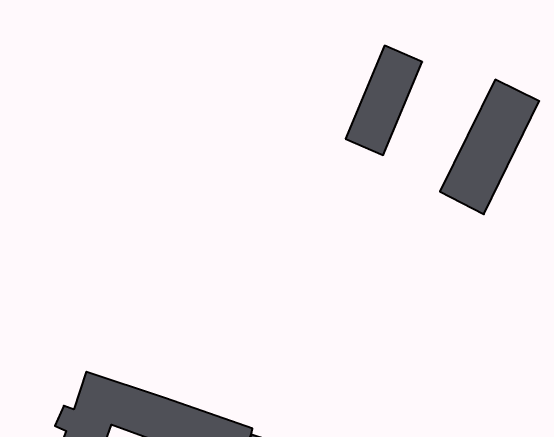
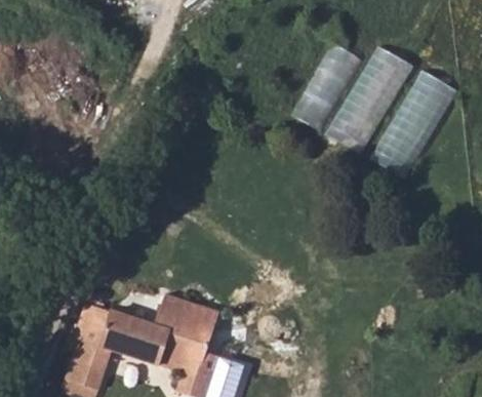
building: none -> [327,44,413,155]
building: none -> [150,287,236,353]

